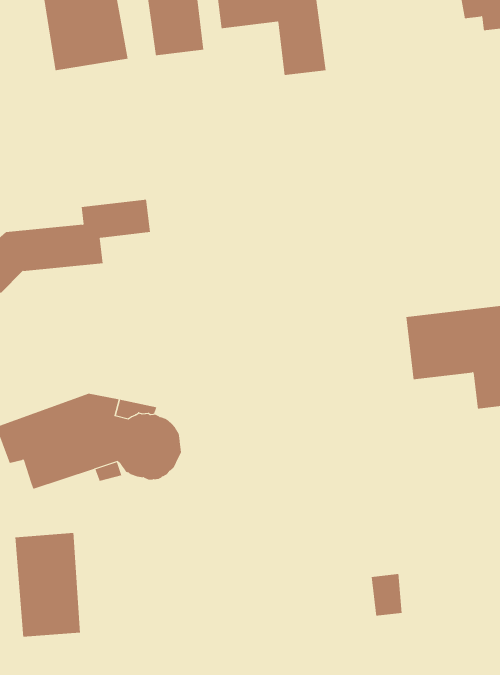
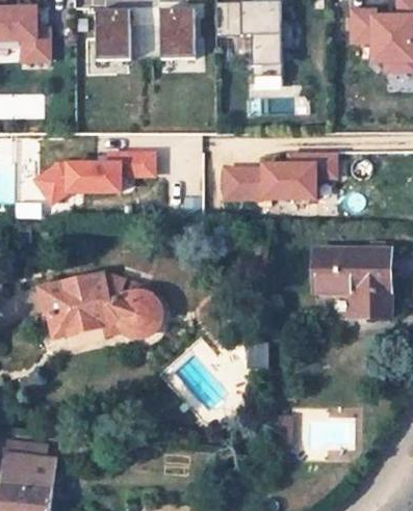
building: none -> [223,151,341,201]
building: [15,532,81,637] -> none

